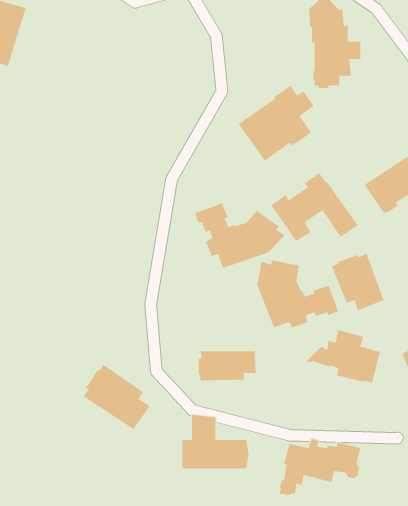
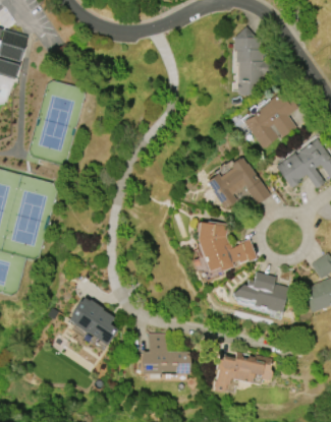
building: [238,85,315,162] -> [243,93,299,148]
building: [194,203,285,269] -> none
building: [331,253,384,311] -> none
building: [198,350,256,381] -> none

